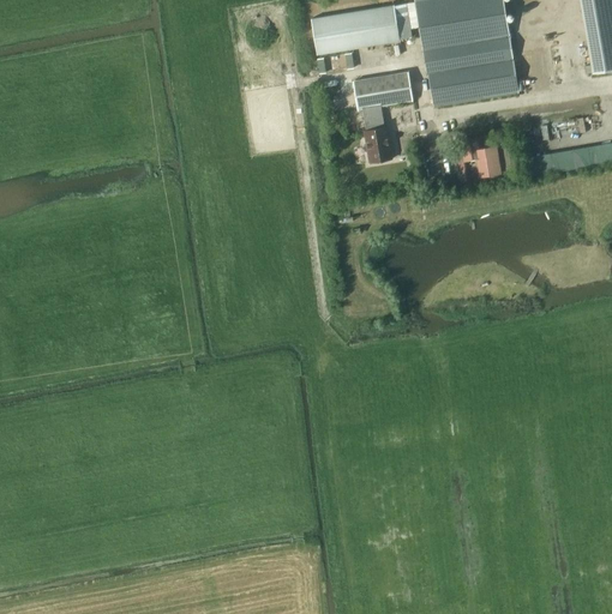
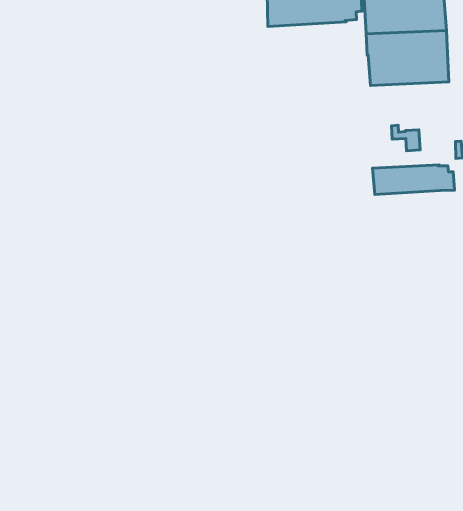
building: [354,71,413,162] -> none
building: none -> [373,165,455,195]

